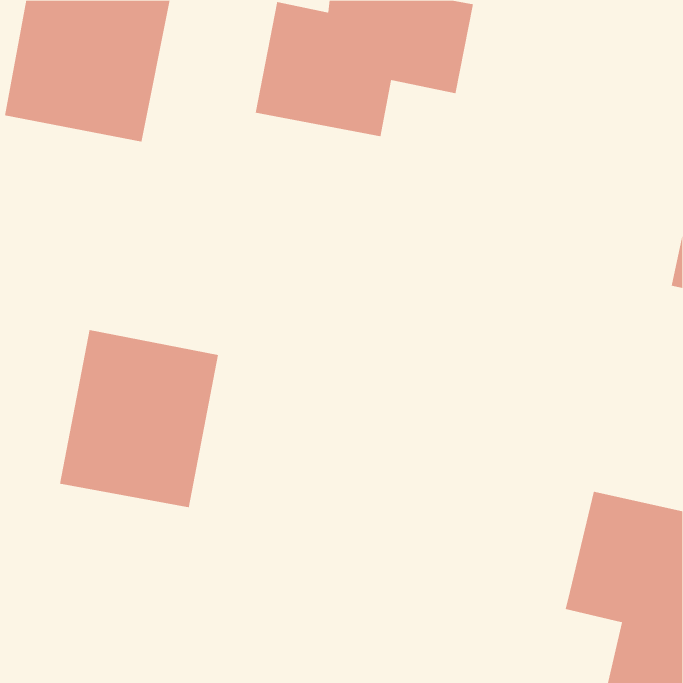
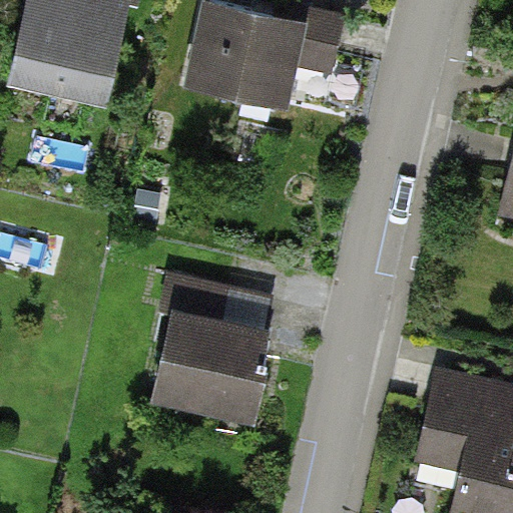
building: [59,329,219,508] -> [156,287,276,420]

